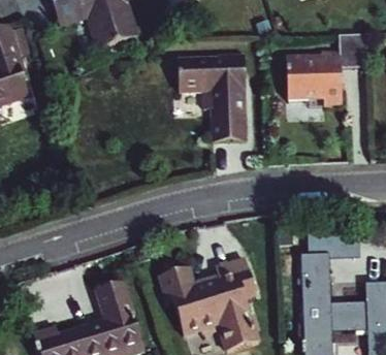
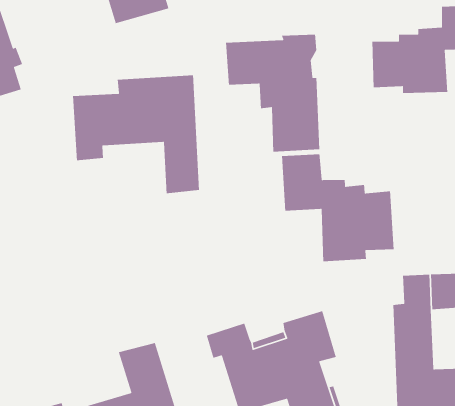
building: none -> [72,75,200,194]
building: none -> [281,153,394,262]

